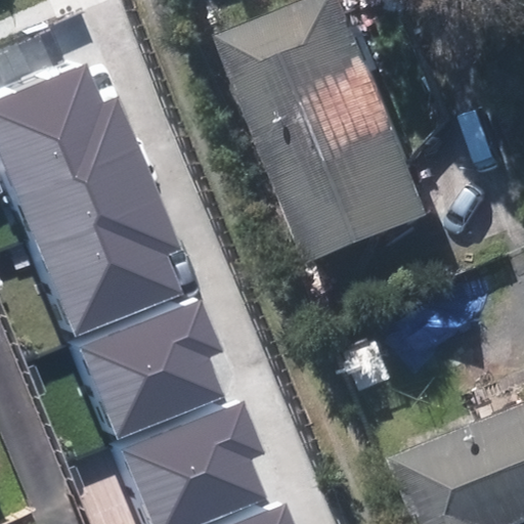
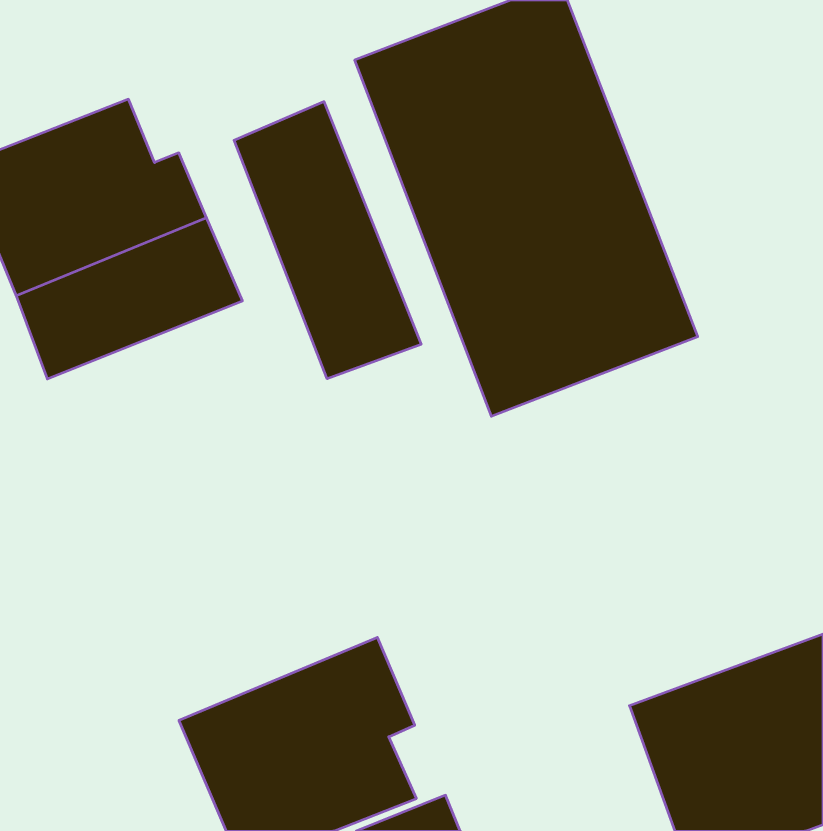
building: none -> [234,102,421,379]
building: [30,189,179,338] -> none
building: [70,299,218,446] -> none

